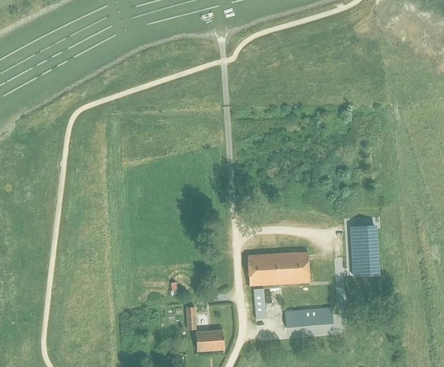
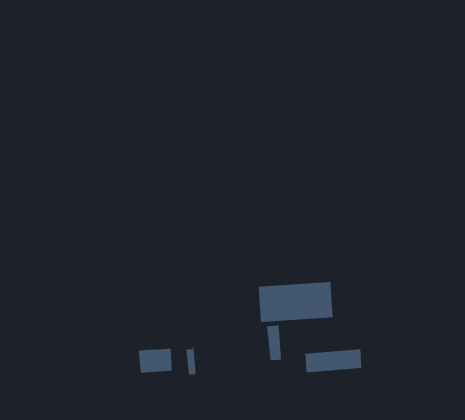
building: [349,225,378,277] -> none
building: [195,329,224,350] -> [138,348,173,373]

